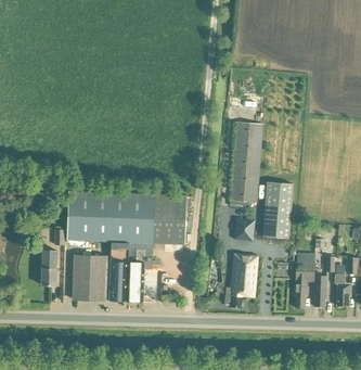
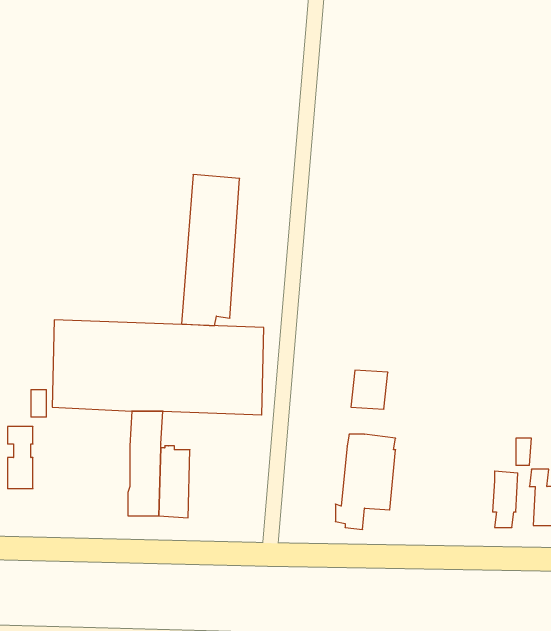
building: [229,123,261,207] -> [181,175,240,326]
building: [261,182,293,239] -> none
building: [292,254,313,308] -> none
building: [72,256,107,301] -> none

